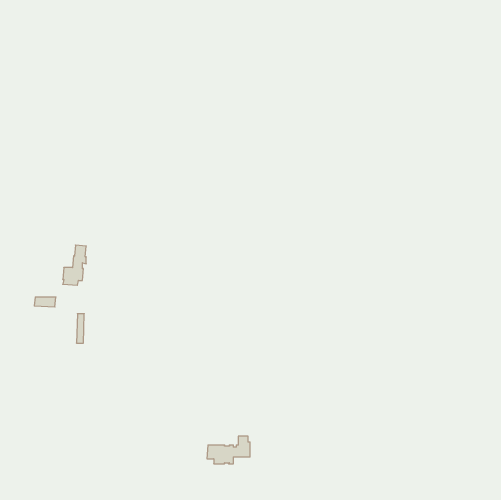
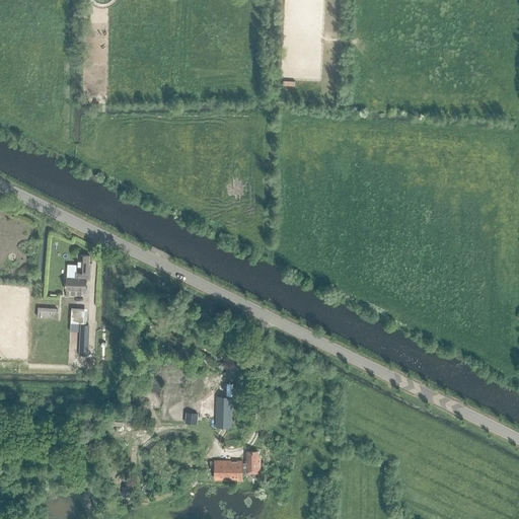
building: none -> [216,396,231,427]

